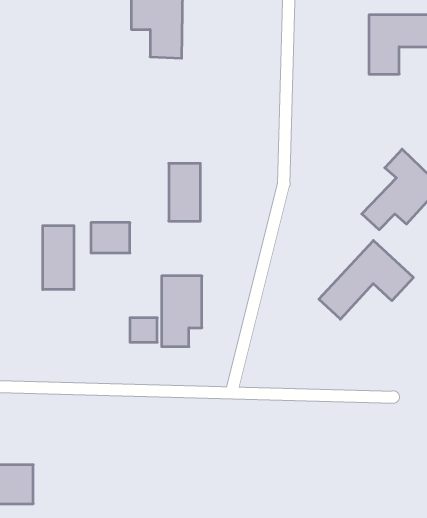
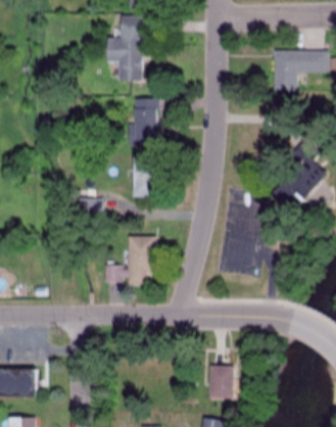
building: none -> [130,99,159,146]
building: [43,226,74,290] -> none
building: [319,240,413,319] -> none
building: none -> [210,366,234,399]

